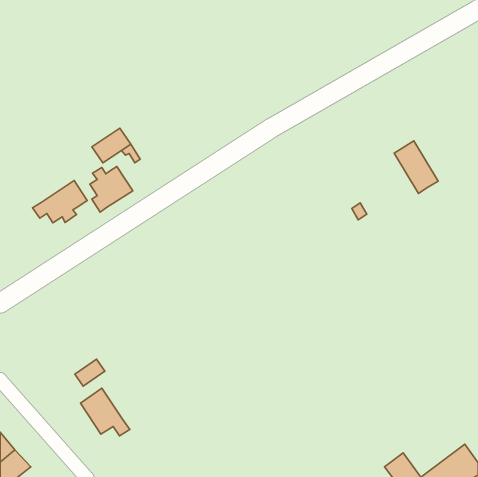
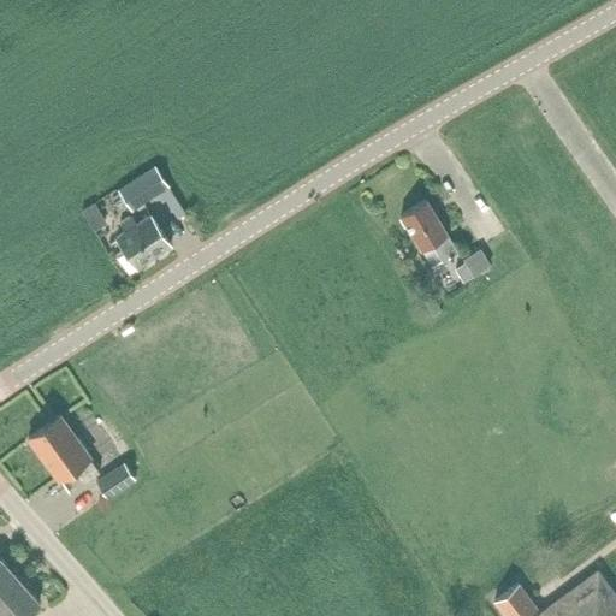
building: [394,141,438,193] -> [401,200,457,267]
building: [33,181,87,223] -> none
building: [80,388,130,436] -> [32,420,96,481]

